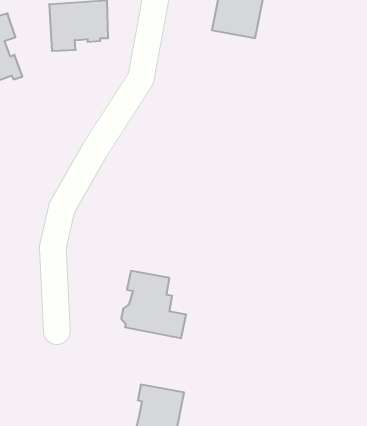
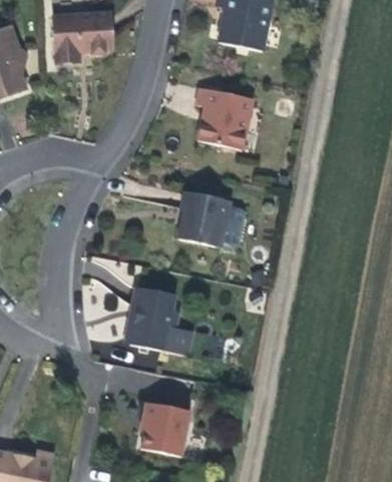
building: none -> [195,86,252,148]
building: none -> [177,189,245,246]

